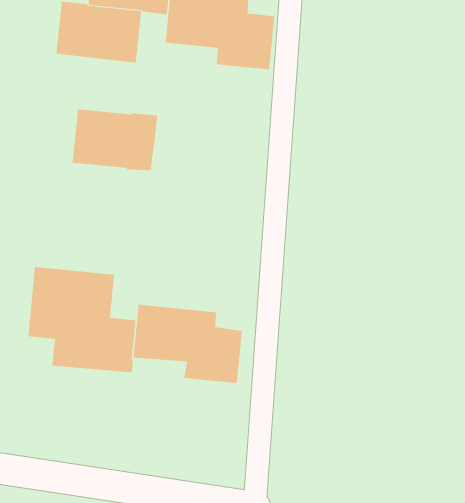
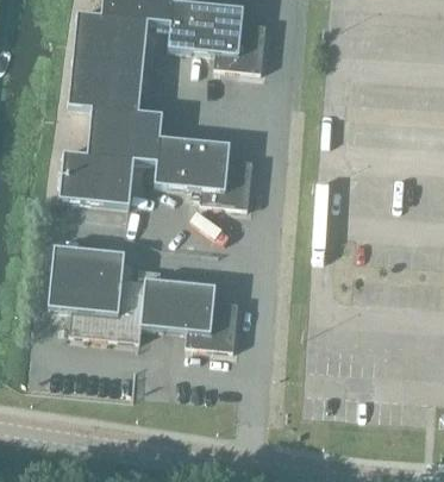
building: none -> [68,58,144,112]
building: none -> [155,137,252,208]
building: none -> [58,151,135,206]

